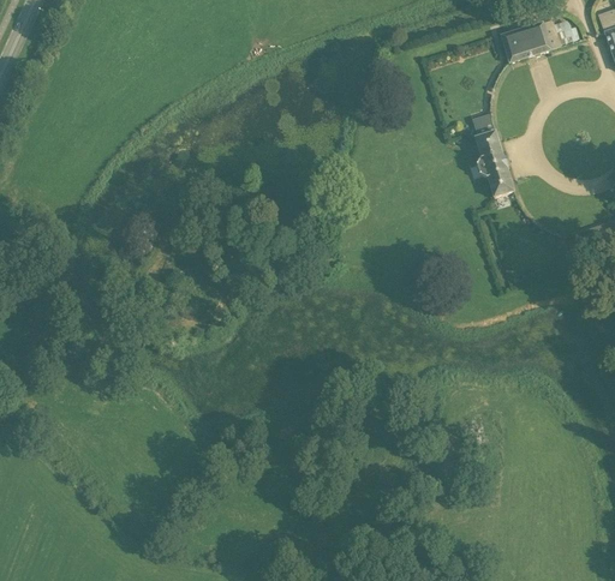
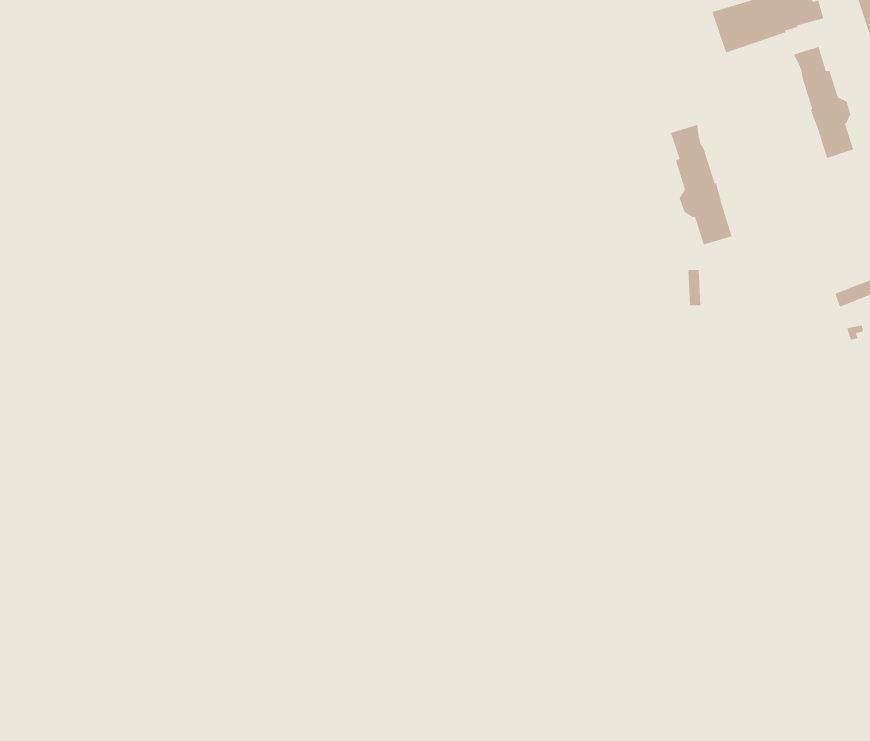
building: none -> [793,46,854,159]

